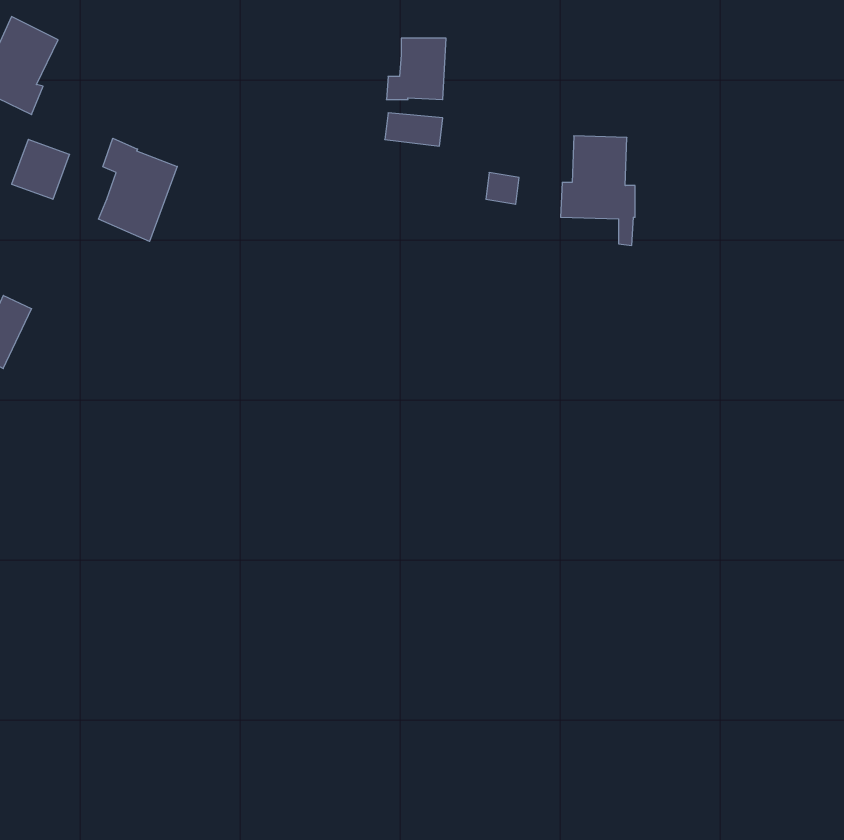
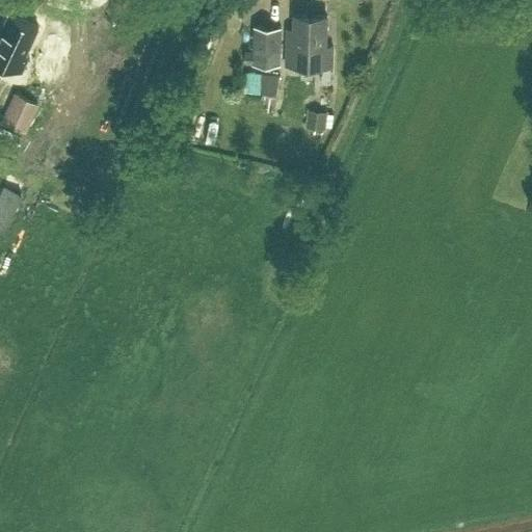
building: [561,136,635,245] -> [282,18,328,86]
building: [98,138,177,241] -> none

